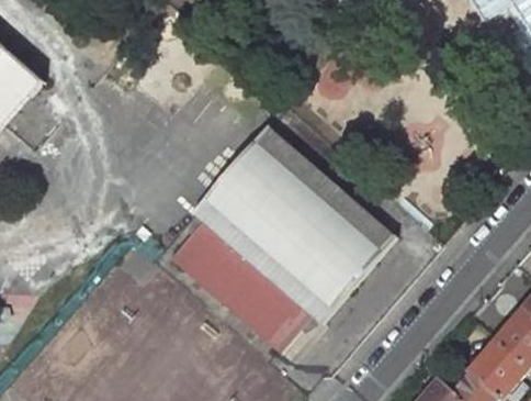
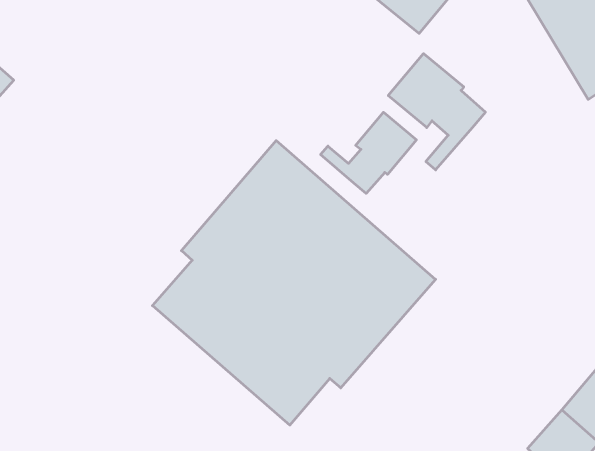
building: none -> [388,54,485,170]
building: none -> [321,112,416,193]

